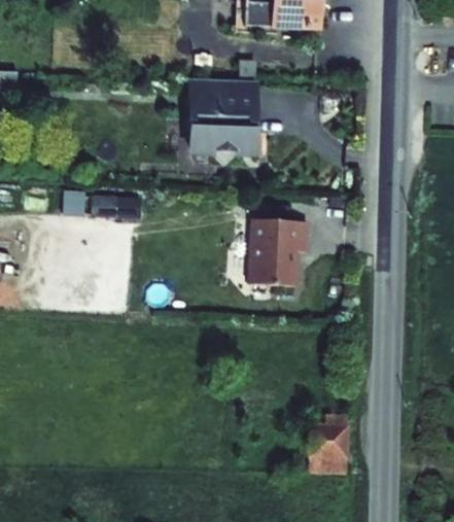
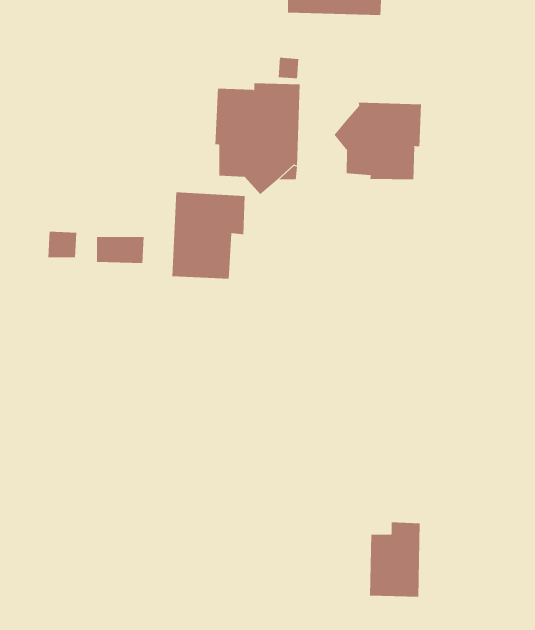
building: none -> [334,102,421,180]
building: [250,218,307,285] -> [171,192,245,279]

